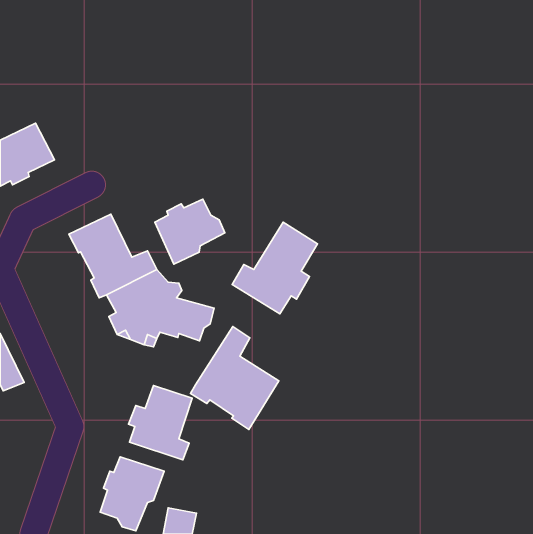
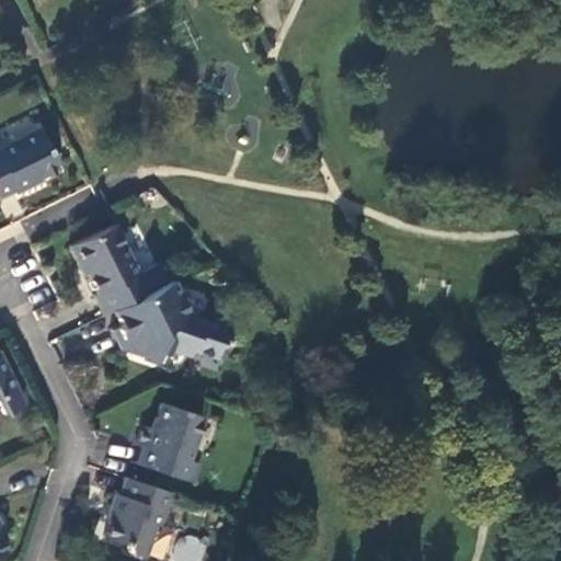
building: [155,199,225,264] -> none
building: [232,222,317,314] -> none
building: [191,327,279,429] -> none

